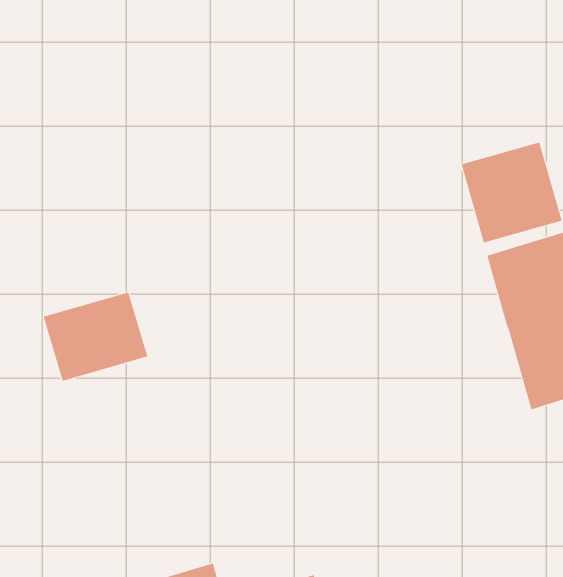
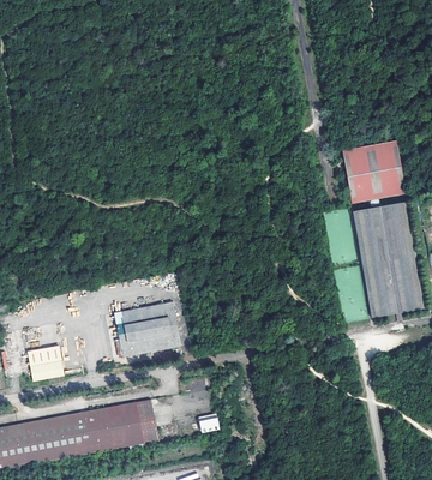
building: [43,292,148,381] -> [113,301,180,356]
building: none -> [25,346,62,383]

